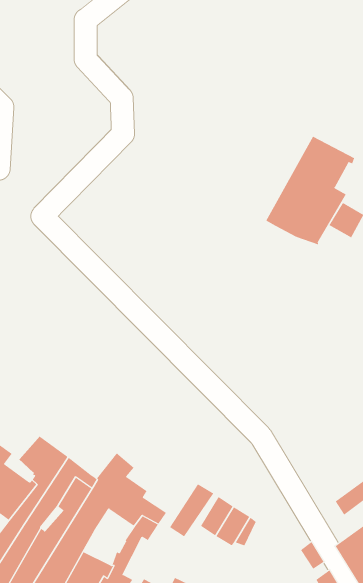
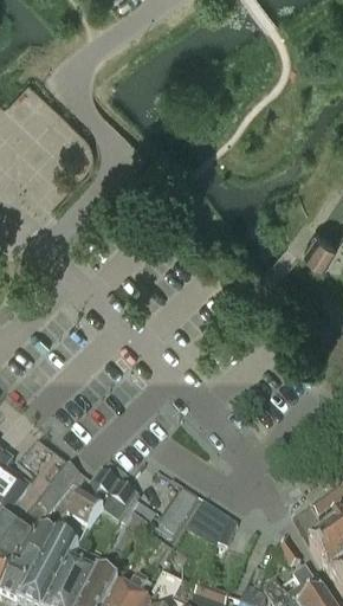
building: [266,136,355,245] -> none

